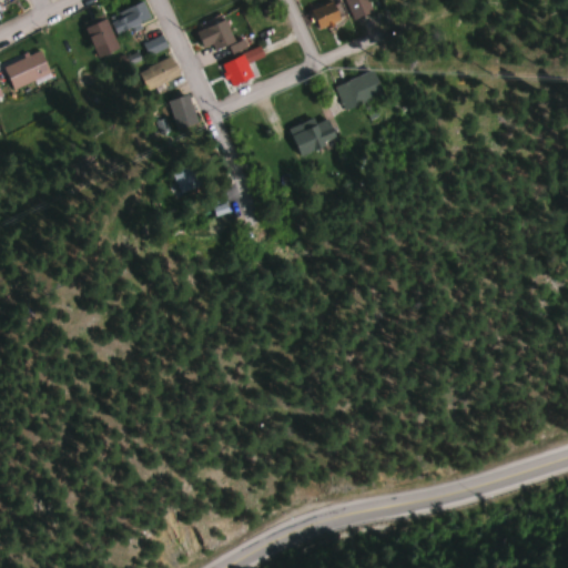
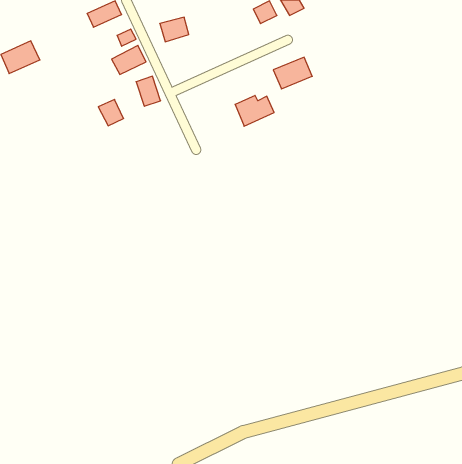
building: [84,17,120,57] -> none
building: [221,47,264,88] -> none
building: [170,160,201,192] -> [98,99,124,126]

